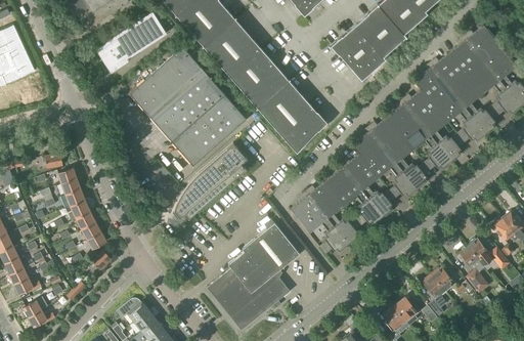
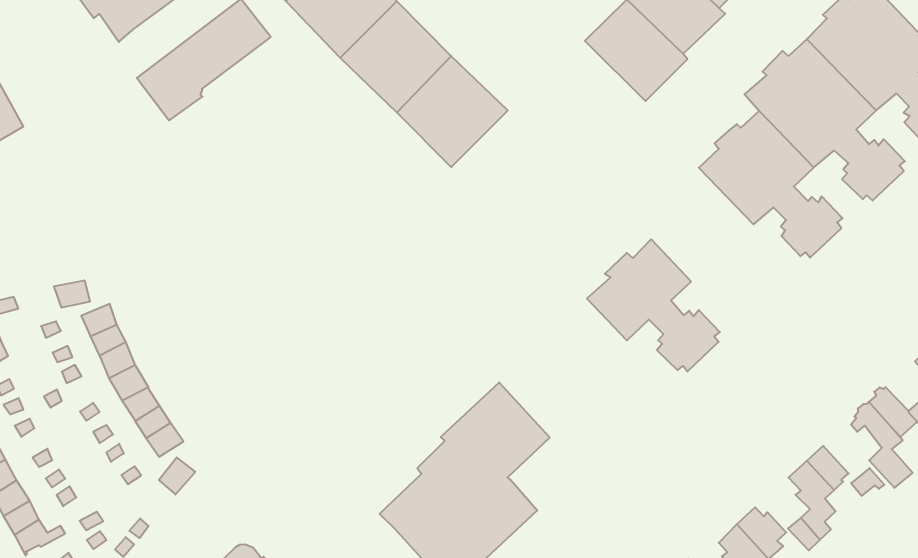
building: [129,45,246,165] -> none
building: [257,80,325,153] -> none
building: [352,117,426,196] -> none
building: [174,142,247,218] -> none
building: [291,181,357,251] -> none

